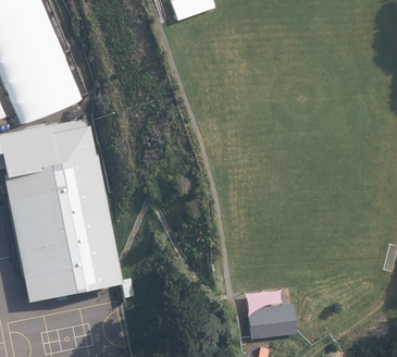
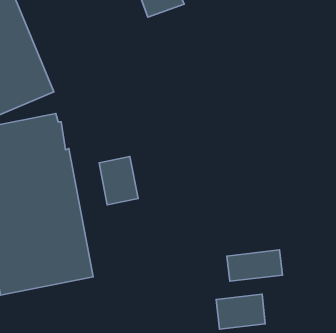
building: none -> [99,157,138,205]
building: none -> [227,250,283,281]

